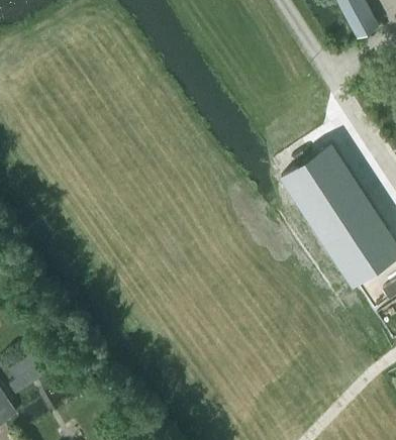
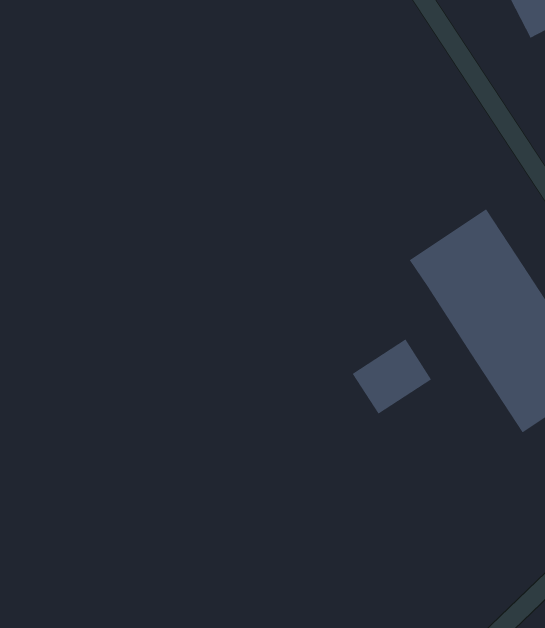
building: none -> [352,339,432,415]

